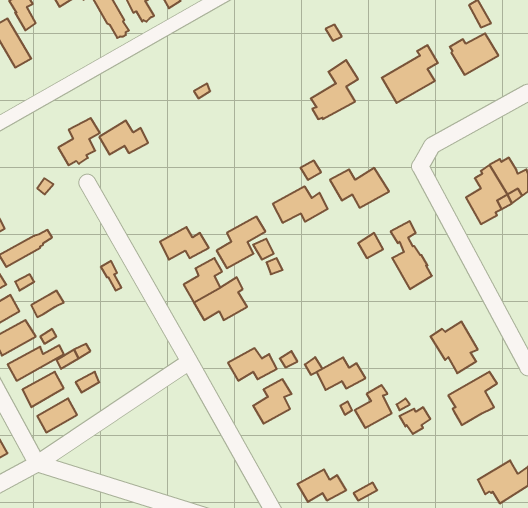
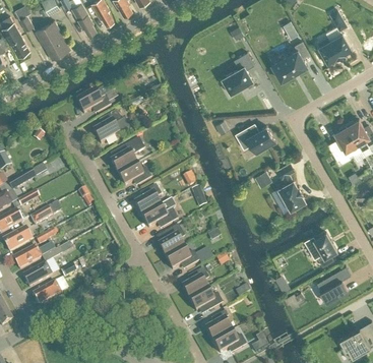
building: none -> [36,19,69,56]
building: [58,118,100,165] -> [94,111,122,143]
building: [273,186,328,223] -> none
building: [217,217,265,268] -> [111,138,144,174]
building: none -> [158,225,184,257]
building: [317,357,365,390] -> [189,289,223,311]
building: [355,385,392,428] -> [205,311,231,341]

